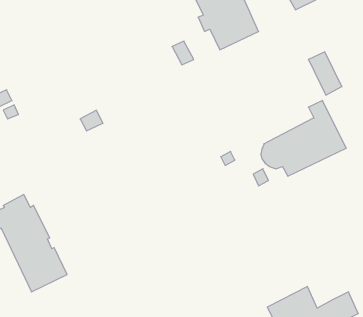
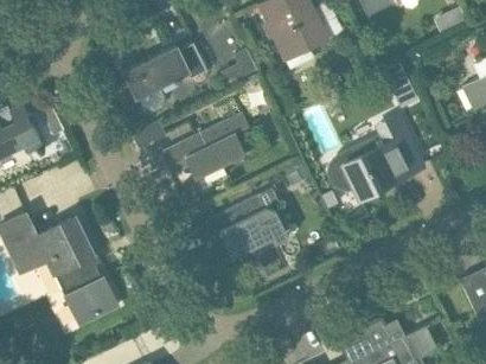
building: none -> [123,43,207,113]
building: none -> [162,114,250,178]
building: none -> [203,194,287,258]

